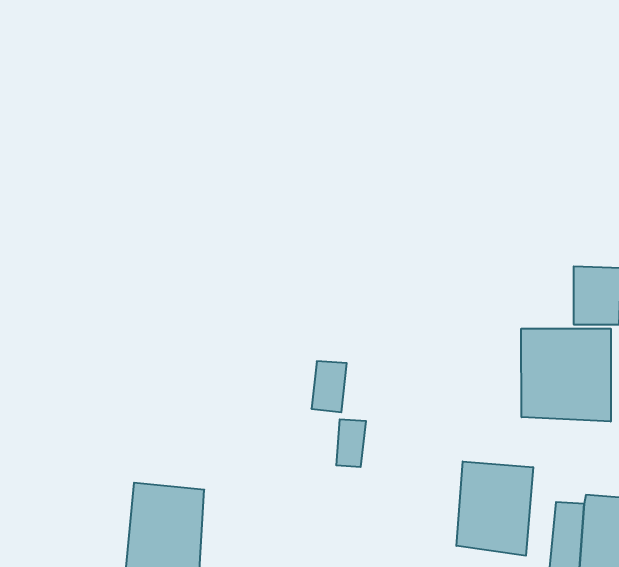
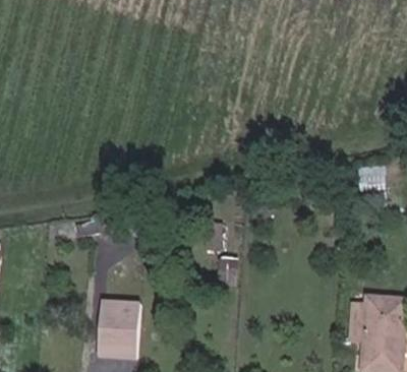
building: [521,329,611,422] -> none
building: [456,461,533,556] -> none

